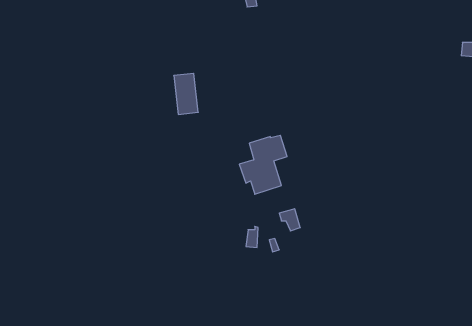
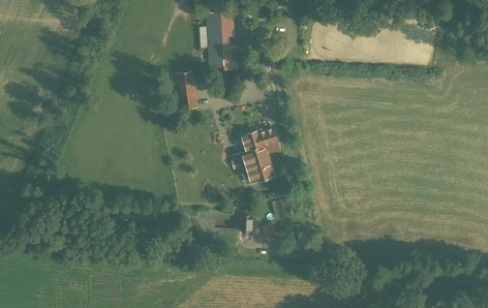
building: none -> [202,13,237,63]

